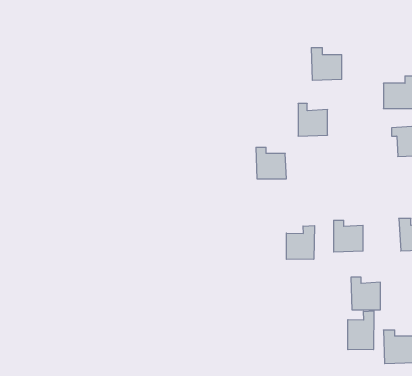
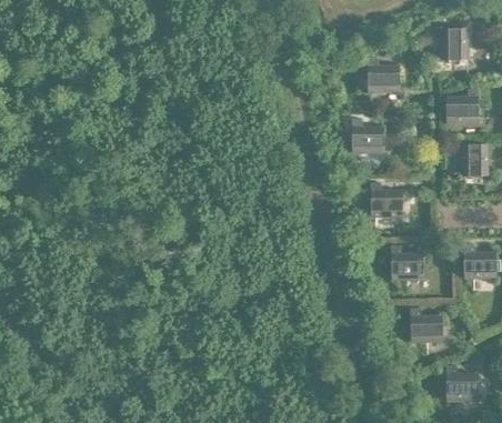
building: none -> [433,28,469,60]
building: [256,147,286,179] -> [370,182,403,216]
building: [286,226,314,259] -> none
building: [348,311,374,350] -> none

